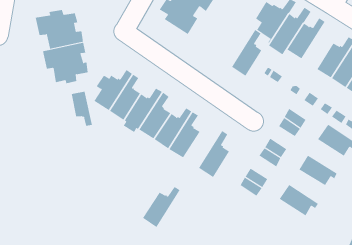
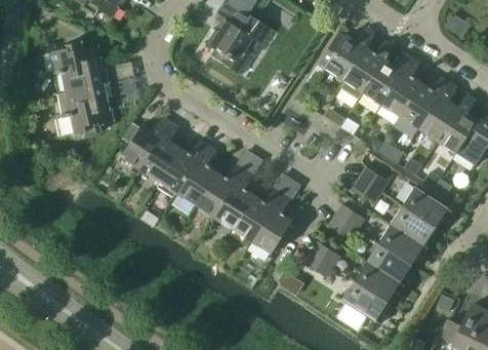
building: [231,29,262,77] -> [382,57,421,117]
building: [71,91,92,126] -> none
building: none -> [390,205,436,248]
building: none -> [366,243,412,286]
building: [142,186,181,228] -> [234,189,282,241]
building: none -> [341,280,388,324]

